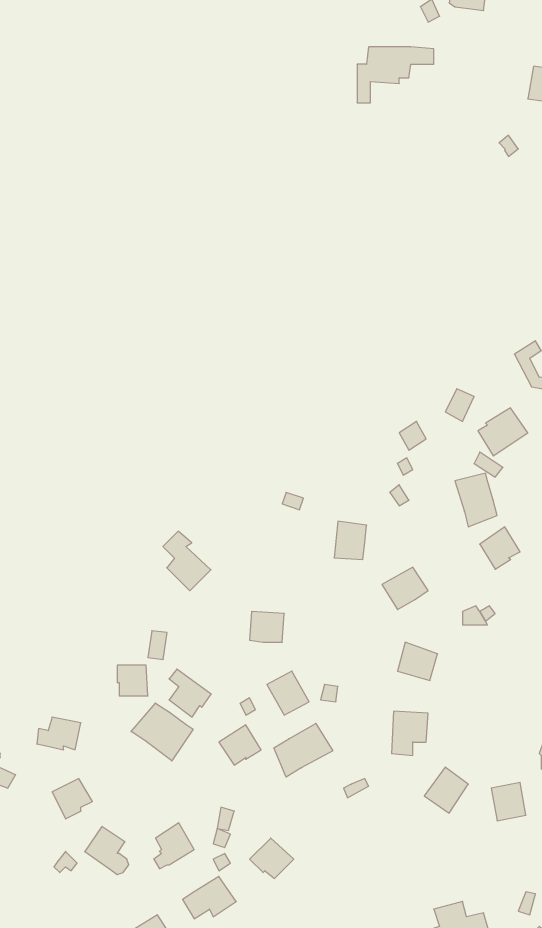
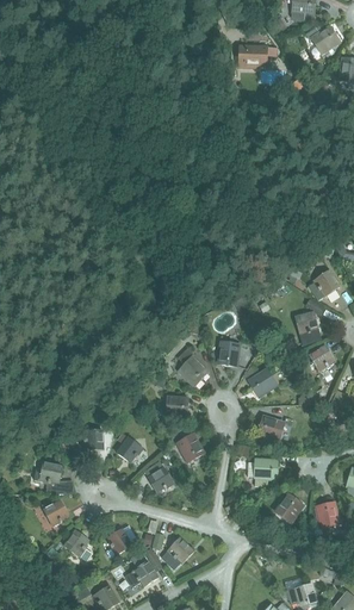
building: none -> [305,25,340,55]
building: [163,531,211,591] -> [178,348,207,385]
building: [131,703,193,761] -> none
building: [274,723,333,777] -> none

